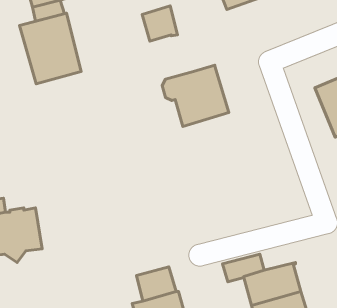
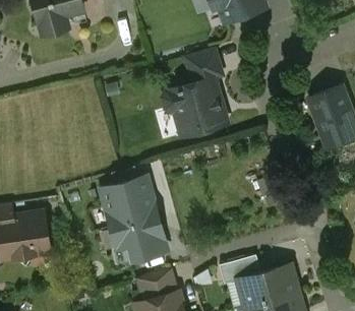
building: [142,6,178,41] -> [185,51,219,84]
building: [20,13,81,84] -> none
building: none -> [96,177,170,265]

